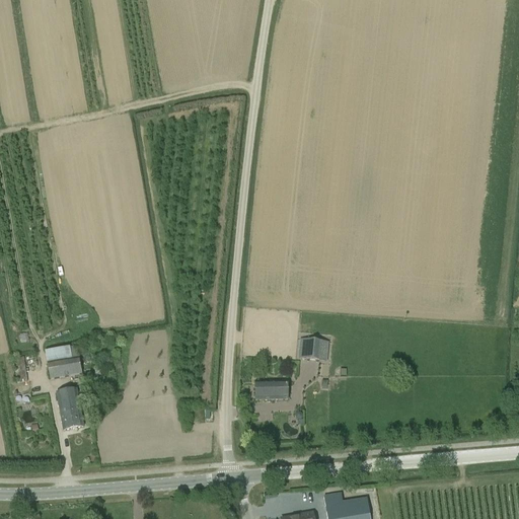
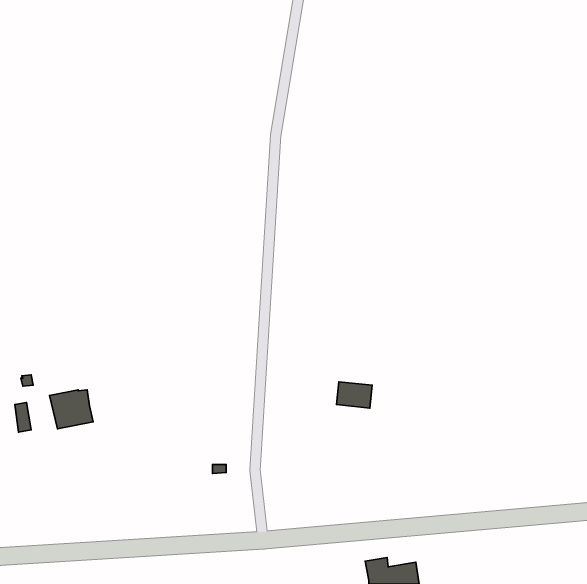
building: [254,379,287,398] -> none
building: [56,387,83,430] -> none

